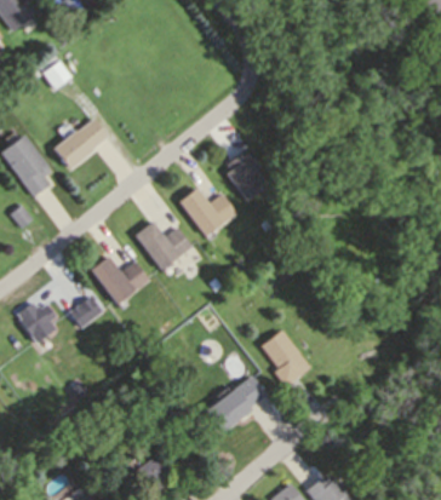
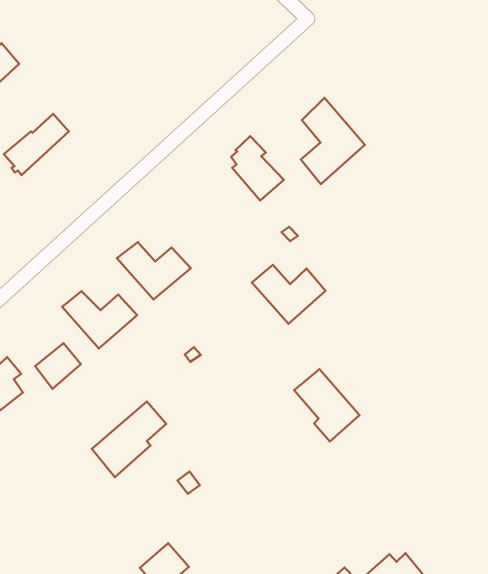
building: none -> [301,98,365,184]
building: [181,189,236,235] -> [252,265,326,324]
building: [208,377,267,432] -> [92,401,166,477]

